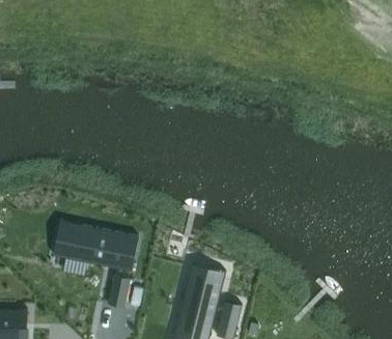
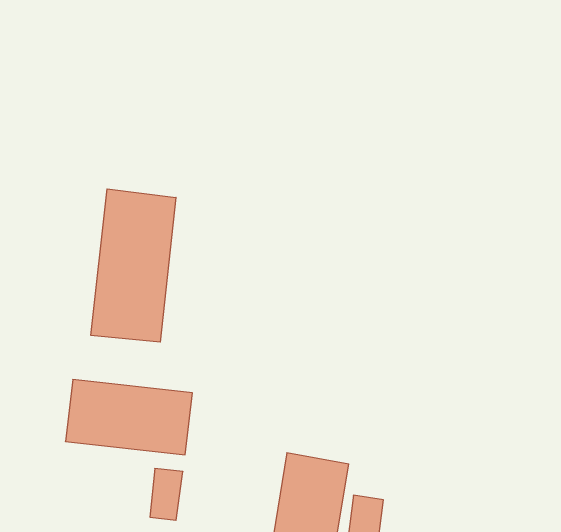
building: none -> [91,189,176,342]

